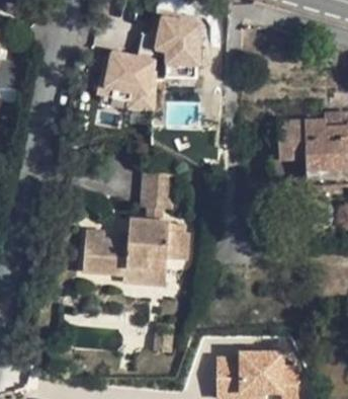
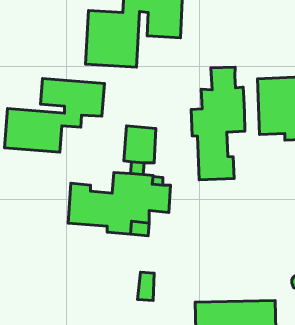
building: none -> [191,67,245,180]
building: none -> [5,78,105,152]

